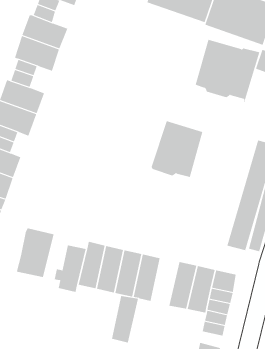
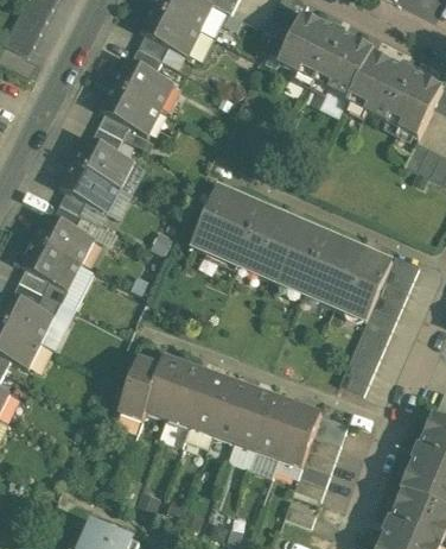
building: [195,39,260,103] -> [304,235,391,322]
building: none -> [190,184,283,271]
building: [16,227,54,278] -> none
building: [111,295,139,343] -> [234,389,275,450]

